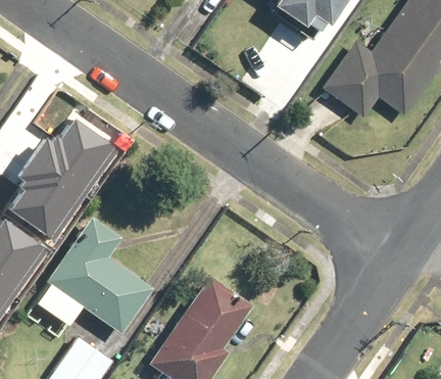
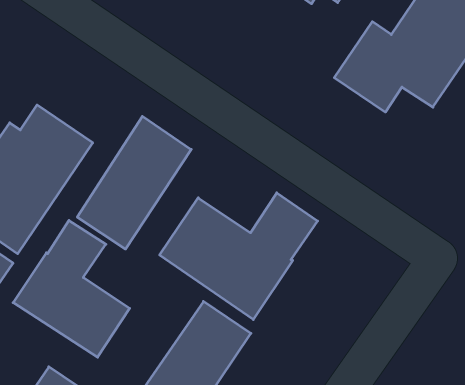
building: none -> [77,116,191,249]
building: none -> [160,193,318,320]

